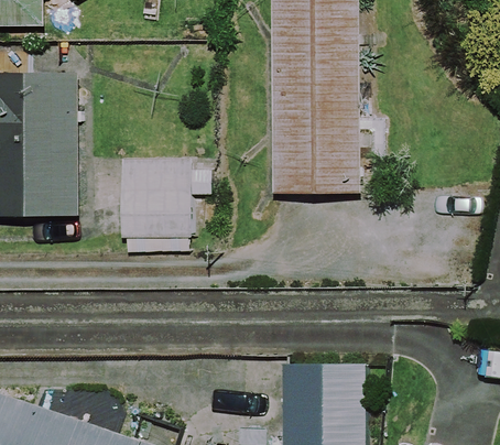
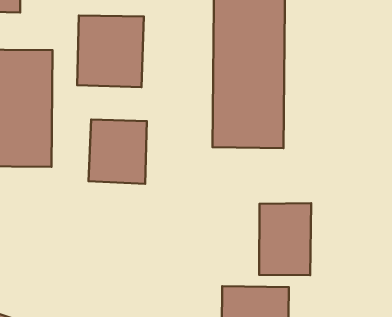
building: none -> [77,15,144,87]
building: none -> [259,203,311,275]

